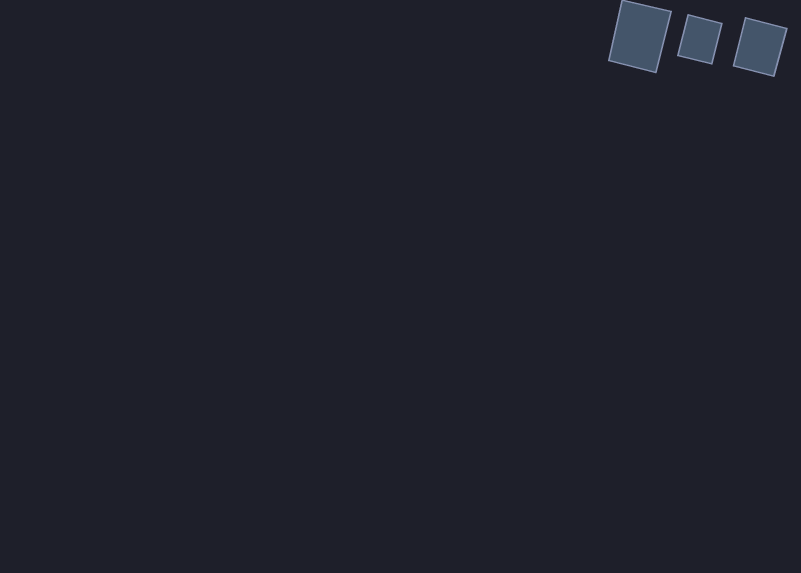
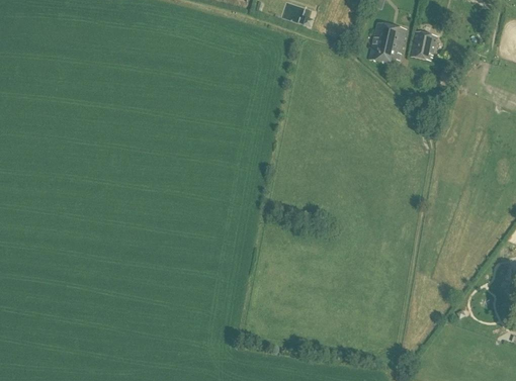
building: [733,18,787,76] -> none

